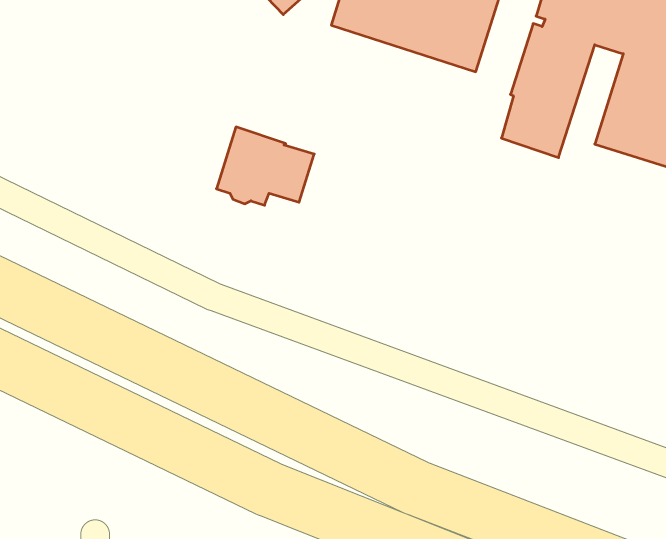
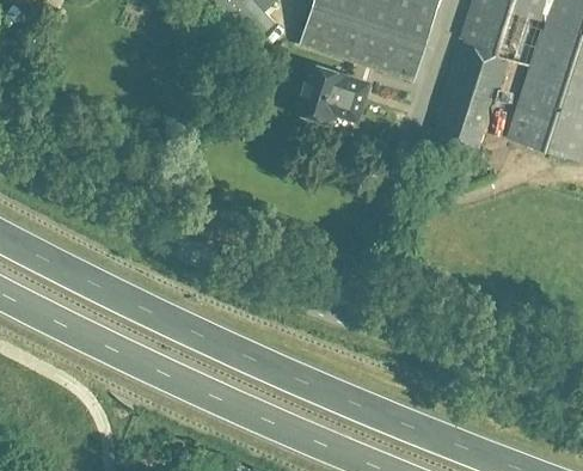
building: [216,127,314,205] -> [292,61,369,123]

